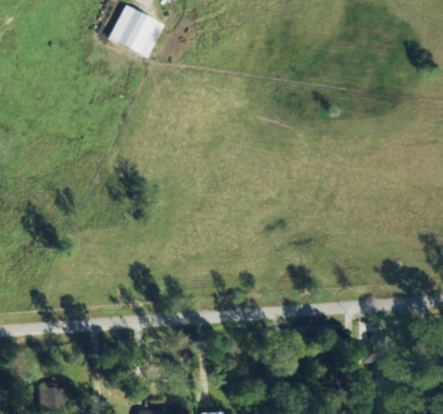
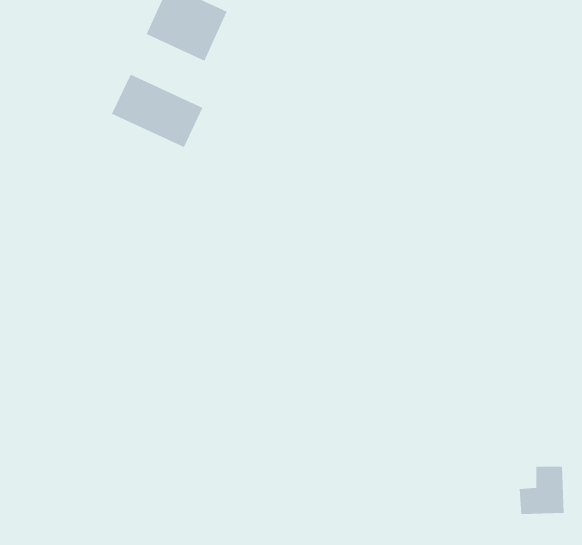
building: none -> [111,74,203,148]

